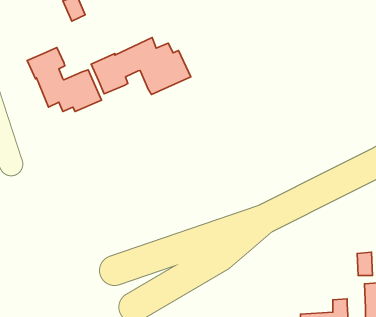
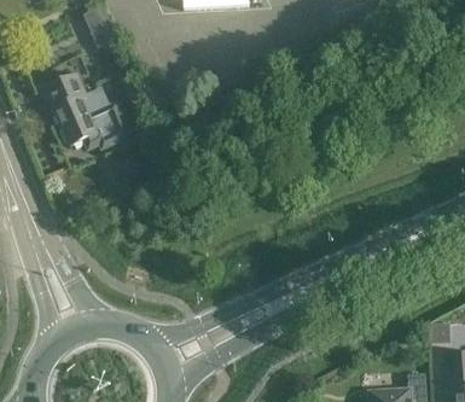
building: [91,38,191,95] -> none

